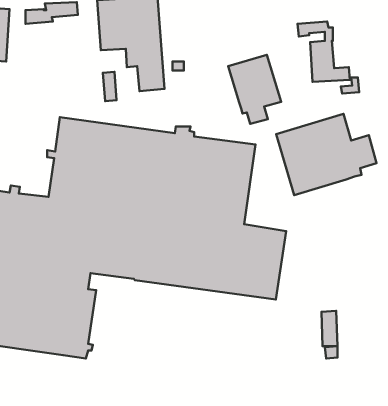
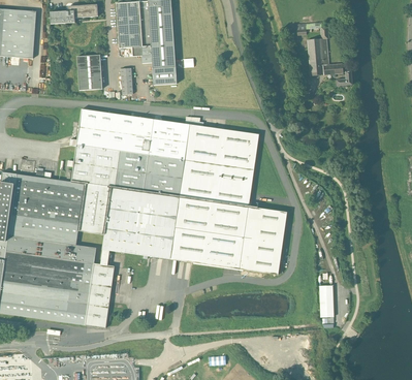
building: [228,55,281,124] -> none
building: none -> [77,55,102,90]
building: [276,114,377,195] -> none

